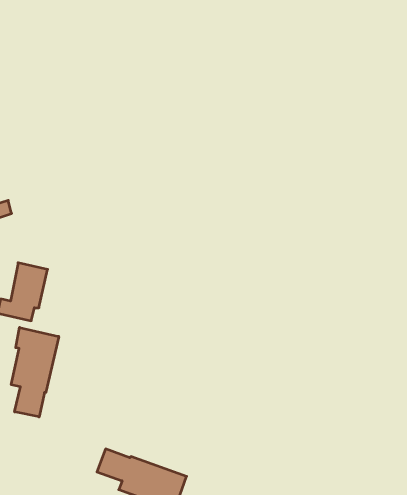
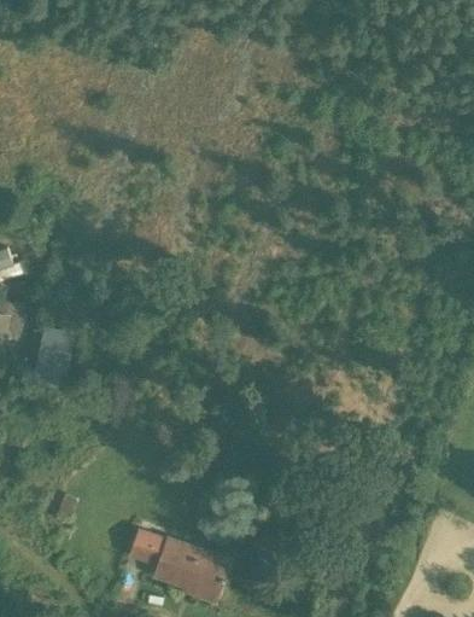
building: [11,327,59,417] -> none

